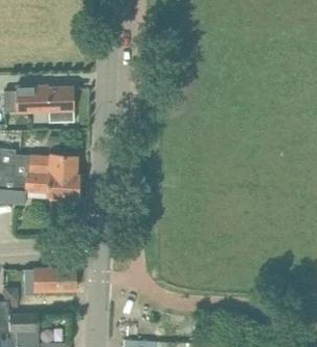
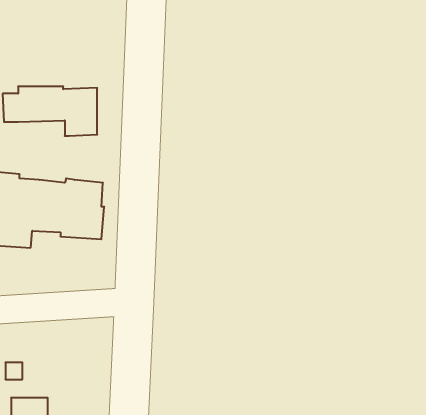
building: [30,268,76,290] -> none

